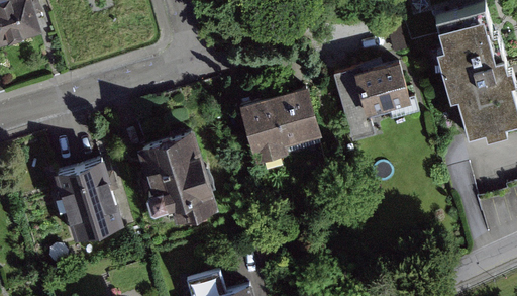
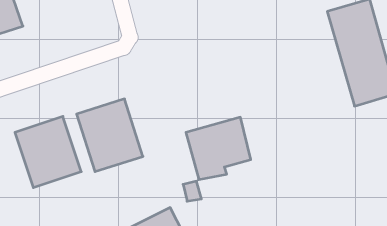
building: [333,54,419,137] -> none
building: [239,82,321,161] -> [186,117,251,180]

